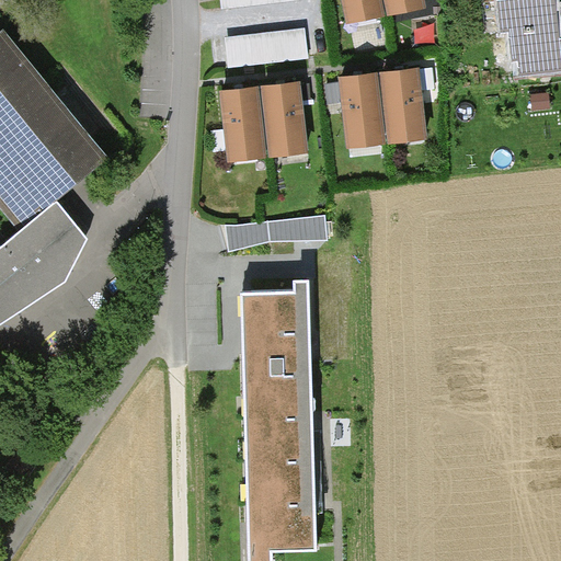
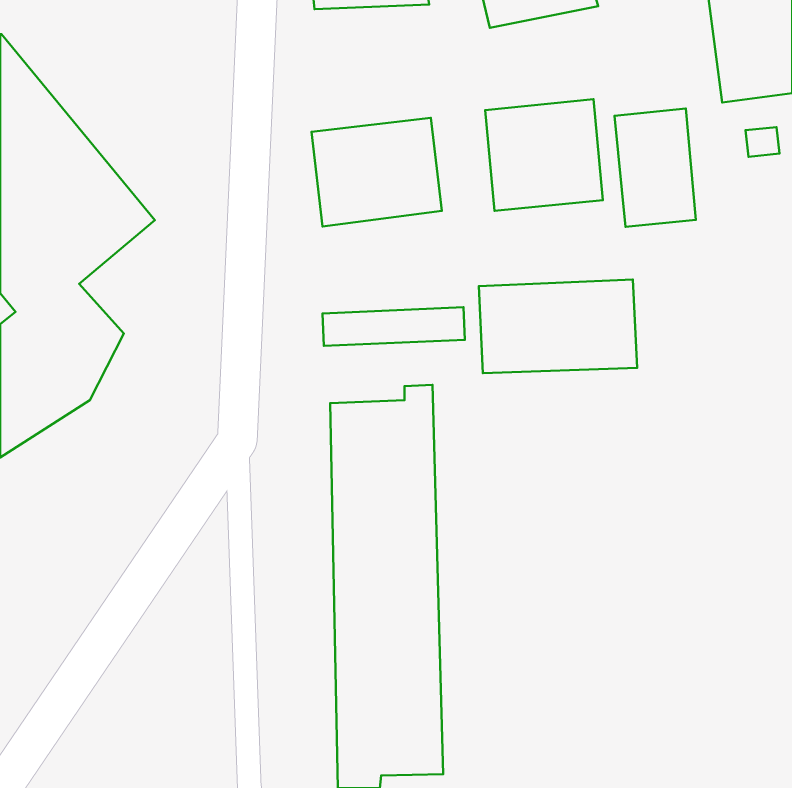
building: [225,26,311,70] -> none
building: none -> [614,109,696,227]
building: none -> [479,279,637,373]

